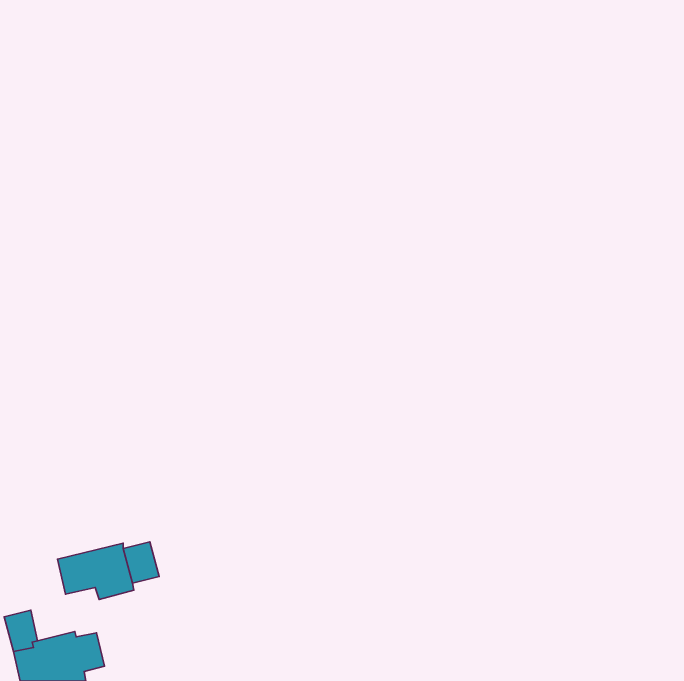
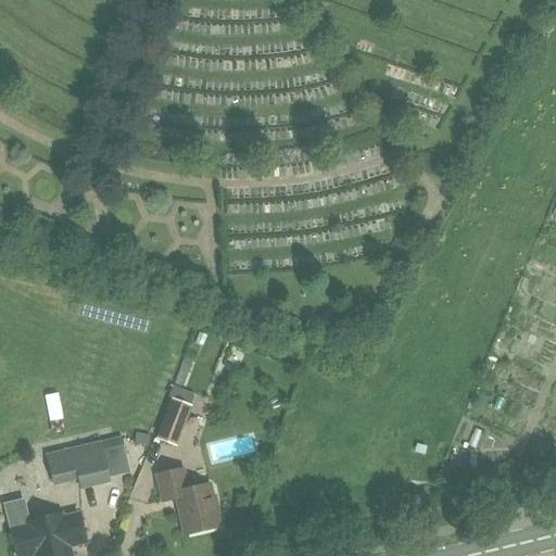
building: none -> [156,397,190,445]
building: none -> [156,468,218,533]

